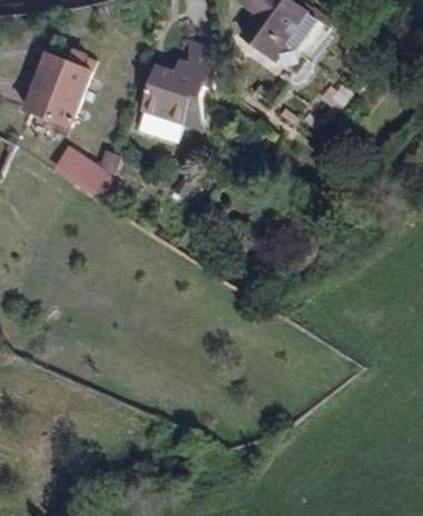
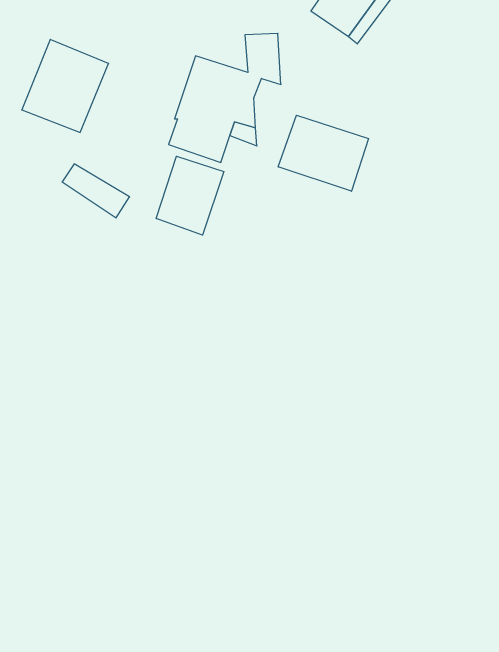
building: none -> [278,115,369,191]
building: none -> [156,156,224,235]

